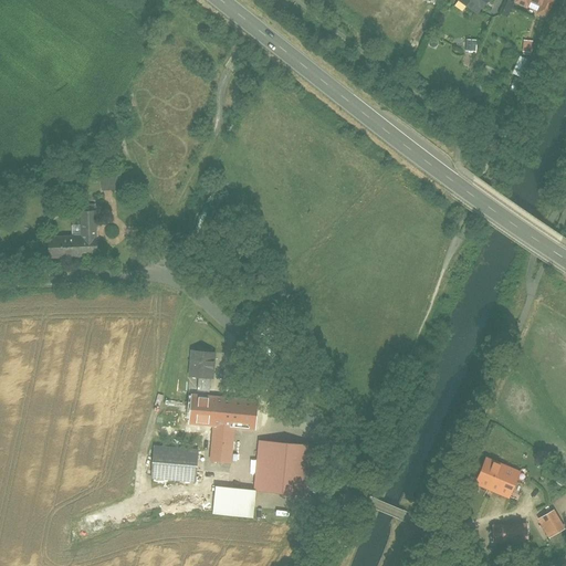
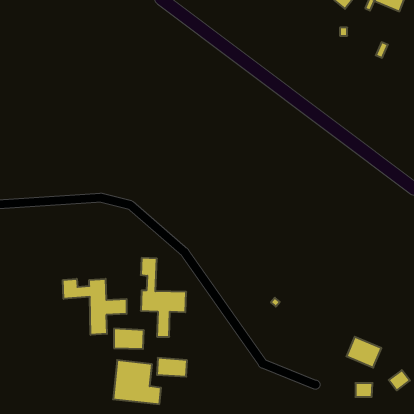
building: [46,211,97,253] -> none
building: none -> [63,279,127,335]
building: [258,440,323,500] -> [113,360,161,404]

